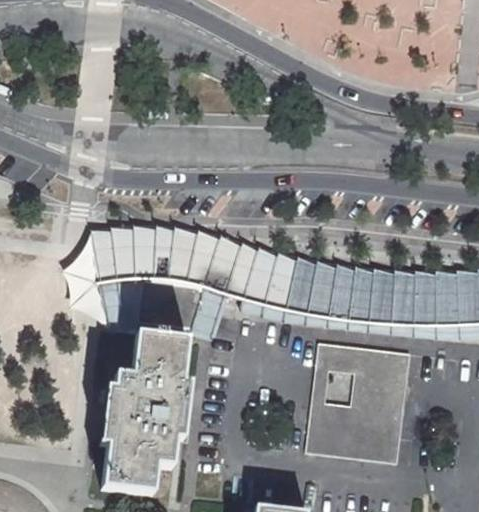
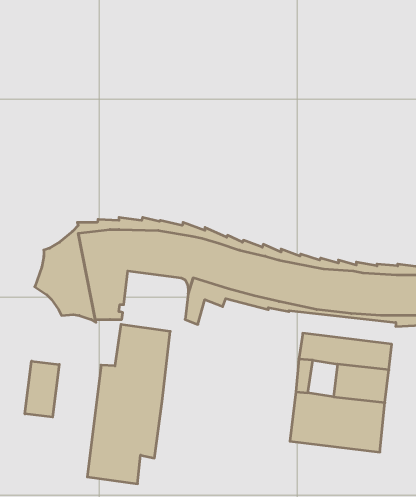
building: [139,279,205,328] -> none
building: none -> [25,361,59,417]

